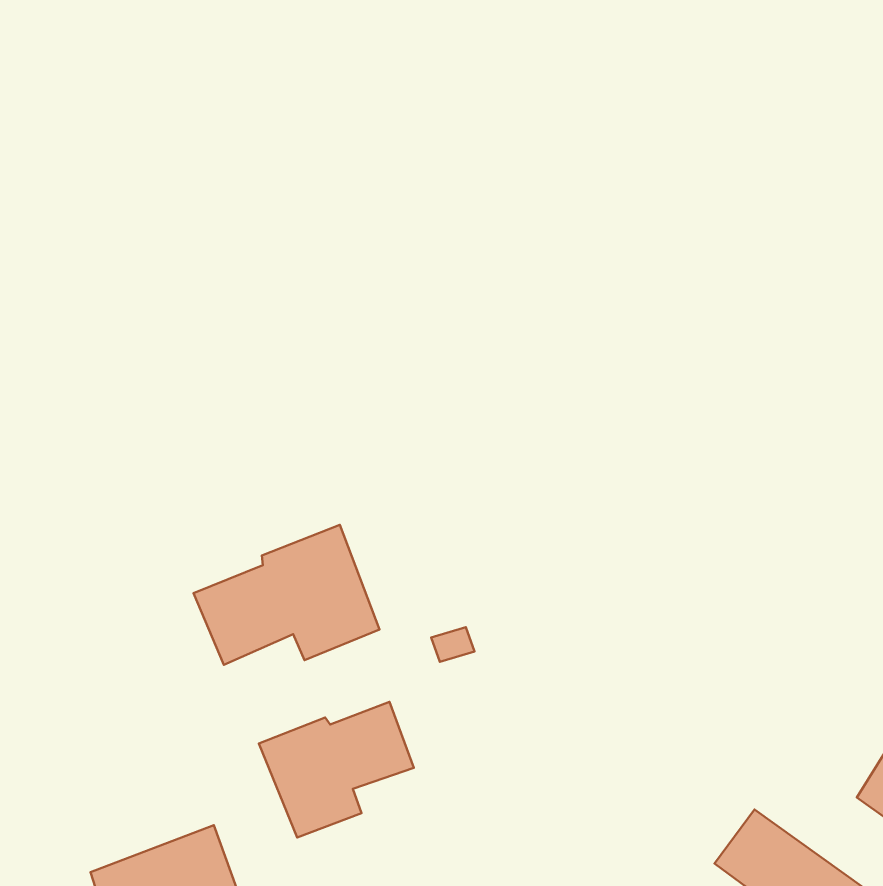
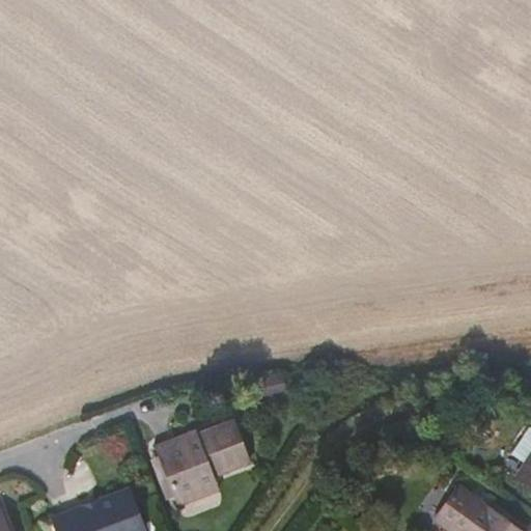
building: [194,525,380,665] -> none

